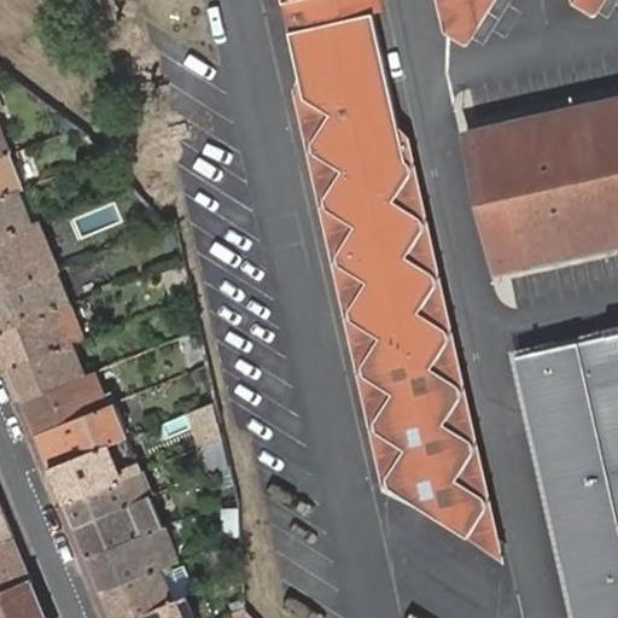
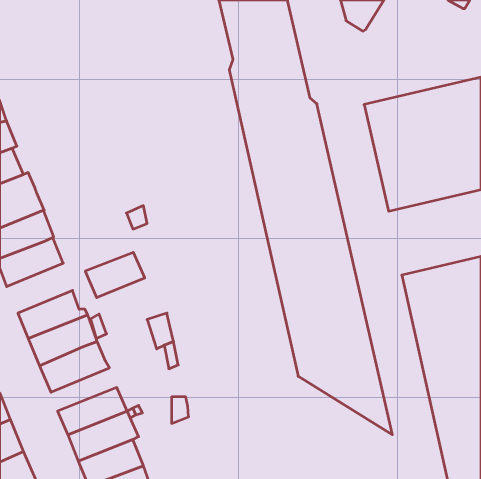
building: [8,346,84,404] -> [85,252,145,298]
building: [65,474,150,530] -> none

